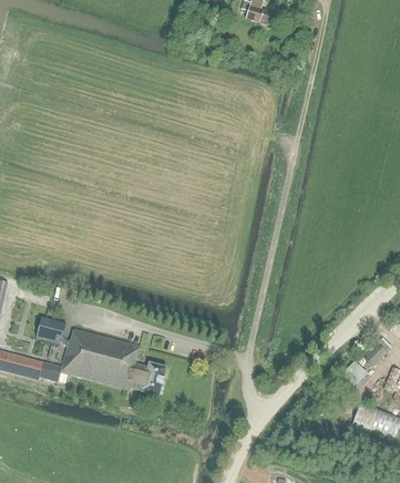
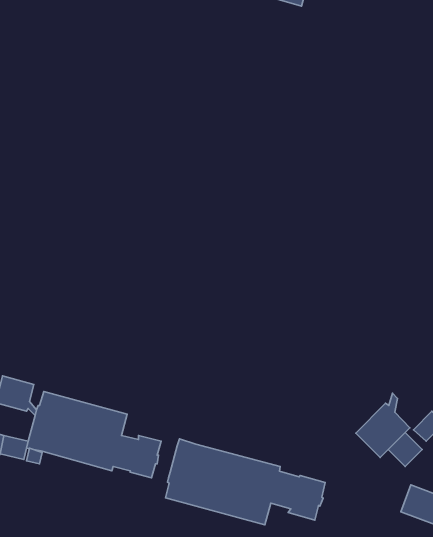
building: none -> [356,393,410,458]
building: none -> [166,439,325,525]

